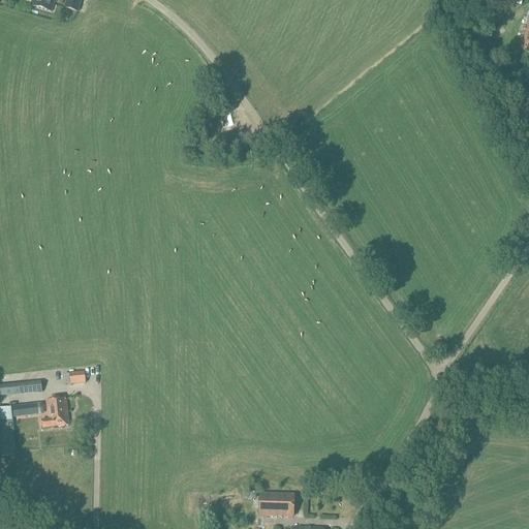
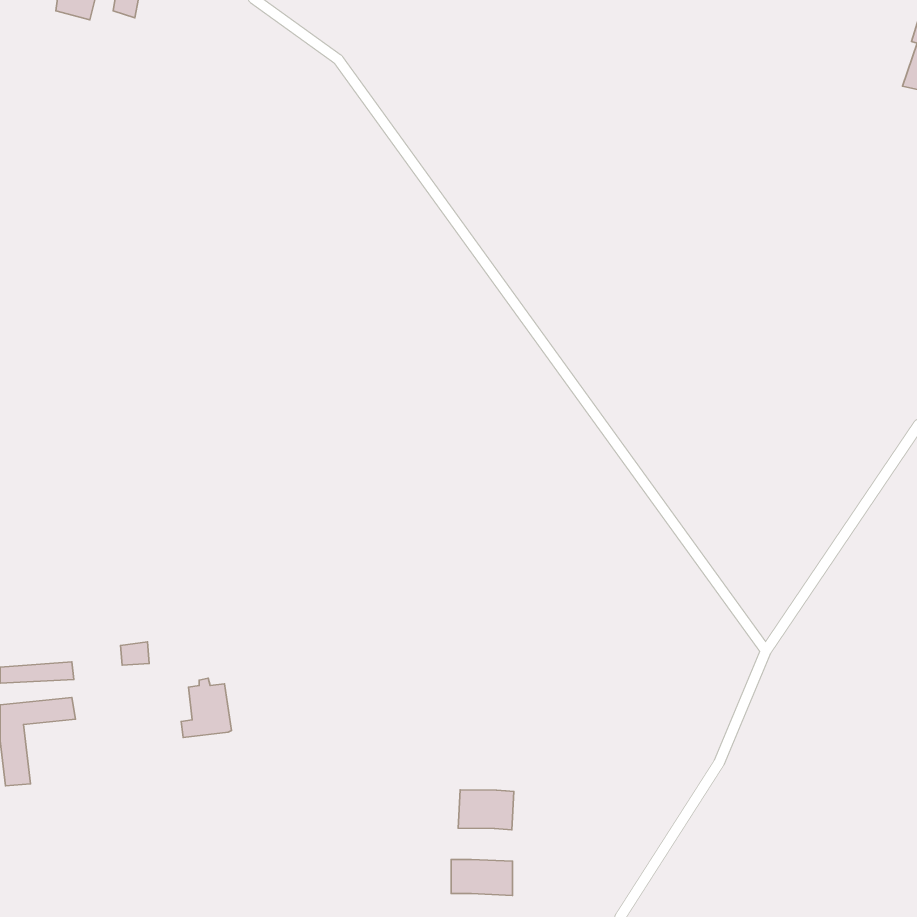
building: [42,395,71,429] -> [181,678,232,738]
building: none -> [458,790,514,830]

